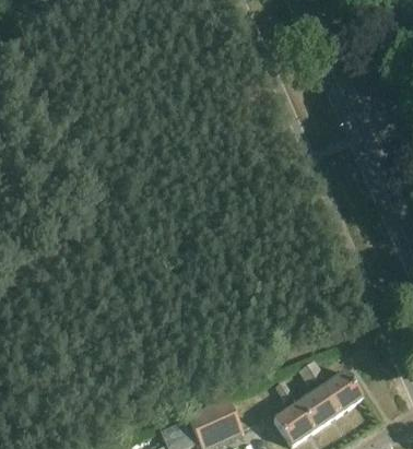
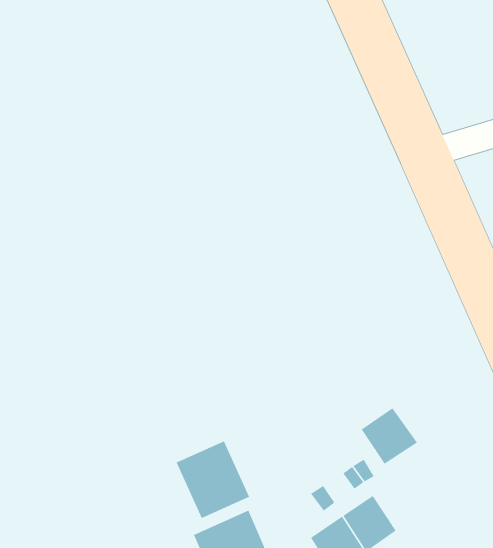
building: none -> [176,440,250,519]
building: [320,371,363,414] -> [361,408,418,465]

